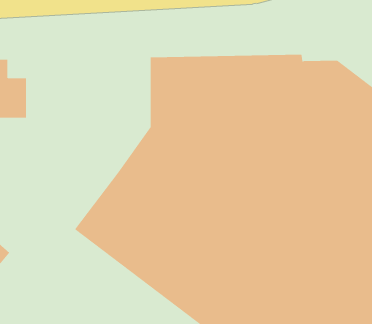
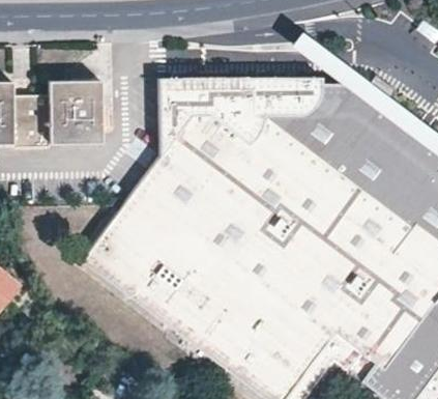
building: none -> [32,80,101,143]

